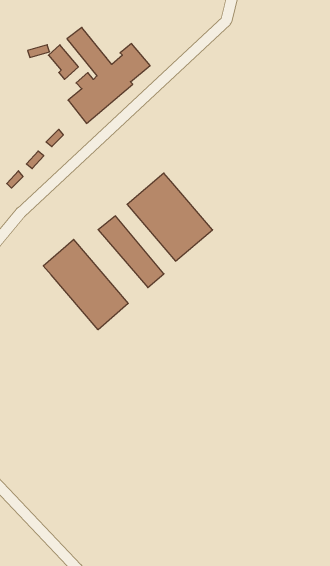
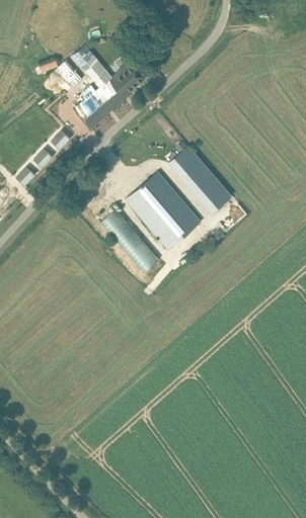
building: none -> [168,146,231,212]
building: [43,239,128,330] -> none

